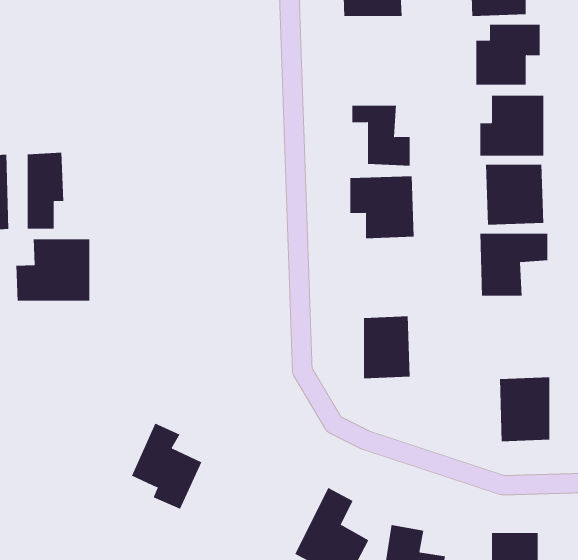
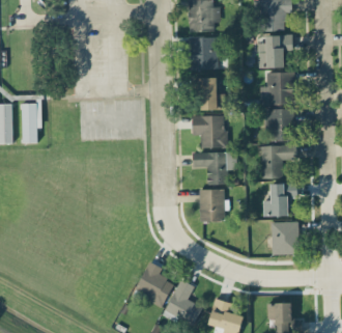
building: none -> [189,36,218,70]
building: [16,238,90,302] -> none
building: none -> [193,151,236,185]
building: none -> [262,183,296,217]
building: [131,423,202,509] -> [136,261,173,307]

